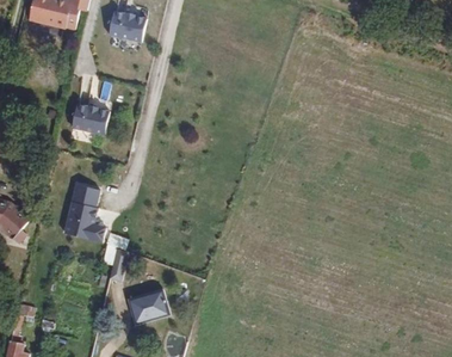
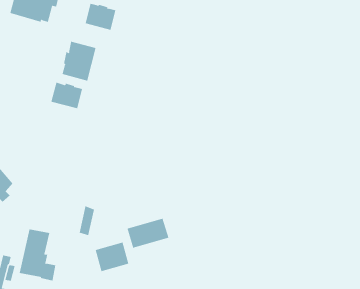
building: none -> [62,41,96,81]
building: [62,183,106,245] -> [19,229,56,281]
building: none -> [127,218,169,248]

